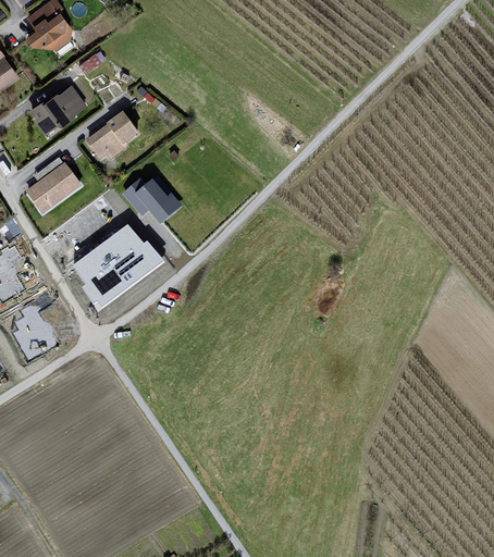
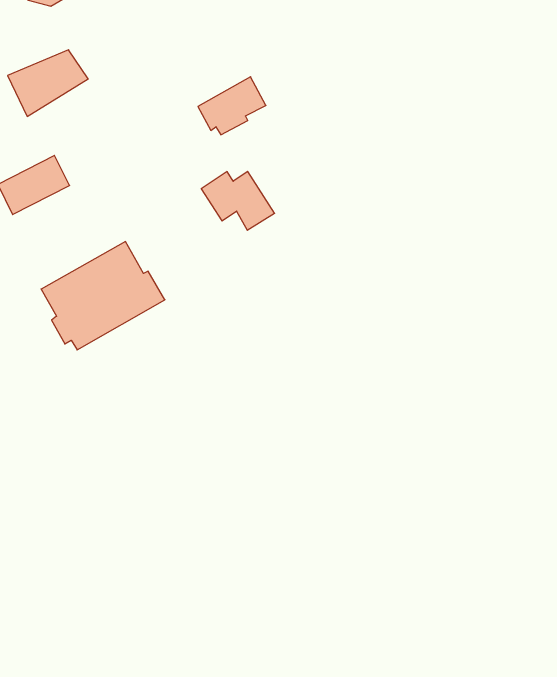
building: [90,114,140,160] -> [198,77,266,135]
building: [125,177,182,221] -> [201,171,275,230]

